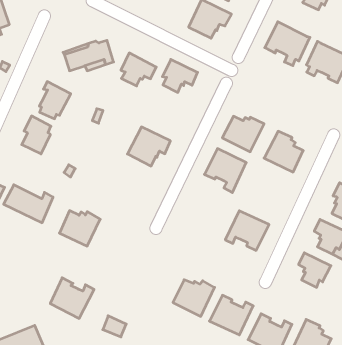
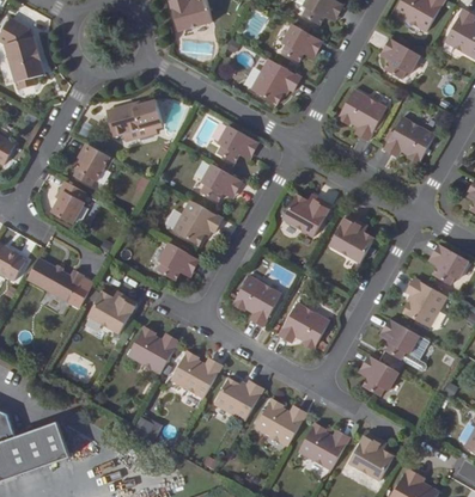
building: [121,53,156,86] -> [201,162,242,201]
building: [204,149,246,193] -> [232,275,281,326]
building: none -> [158,241,200,280]
building: none -> [171,350,223,397]
building: [50,278,94,318] -> [128,325,179,373]

